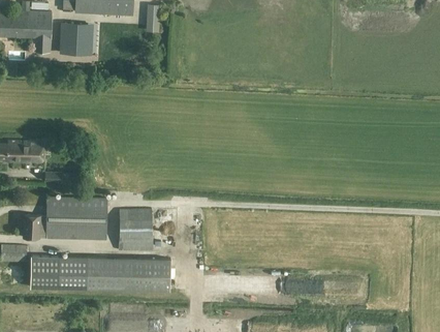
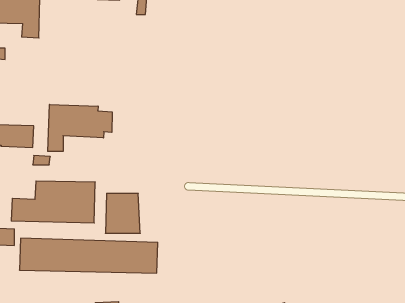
building: [60,23,88,54] -> none
building: none -> [48,104,112,151]

